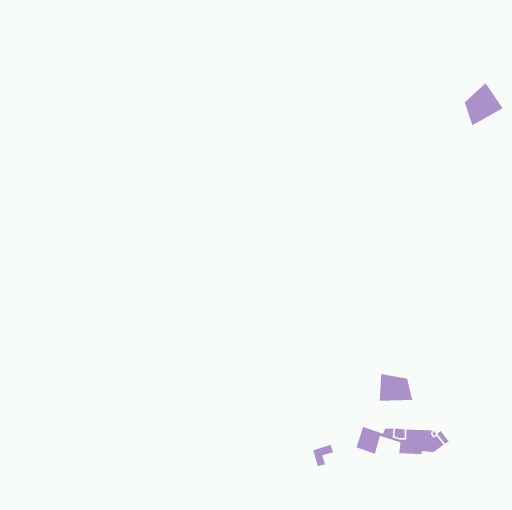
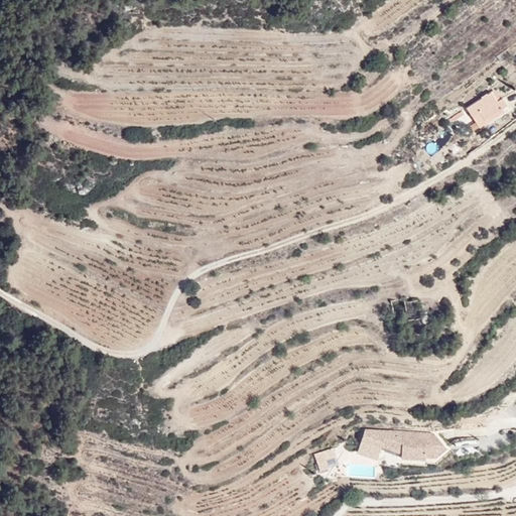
building: [379,373,413,401] -> none

